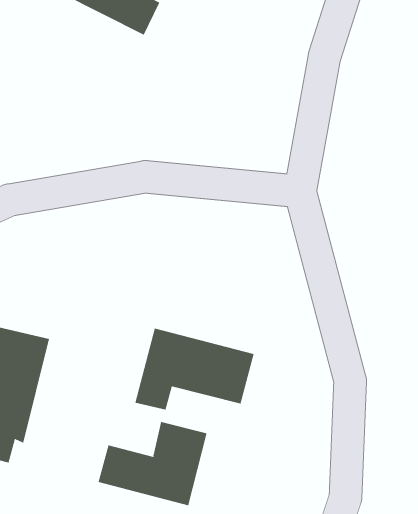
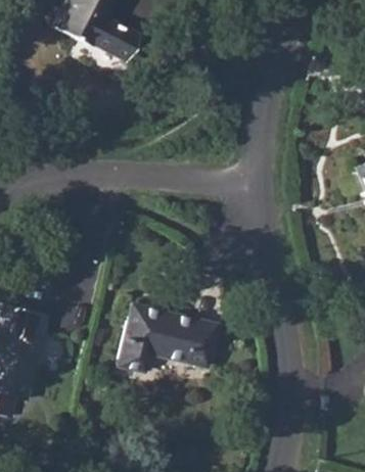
building: [98,421,207,506] -> none

